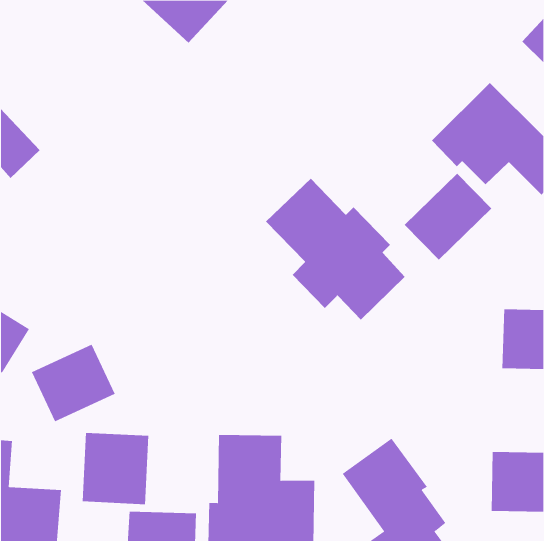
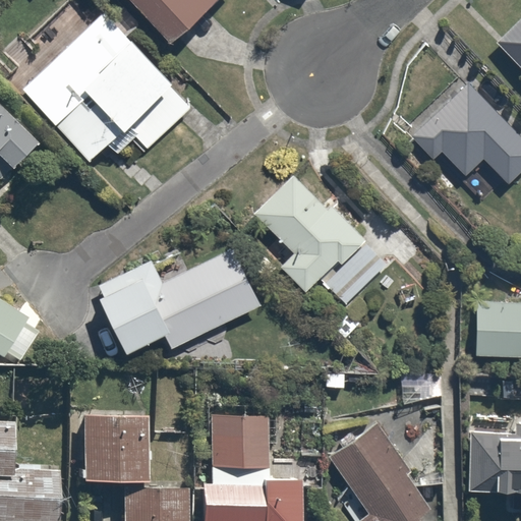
building: none -> [23,10,197,166]
building: [404,173,492,260] -> none
building: none -> [102,237,266,352]
building: [31,344,115,422] -> none

